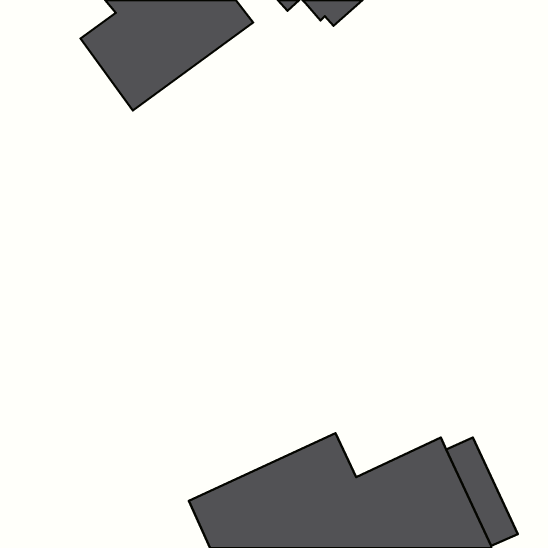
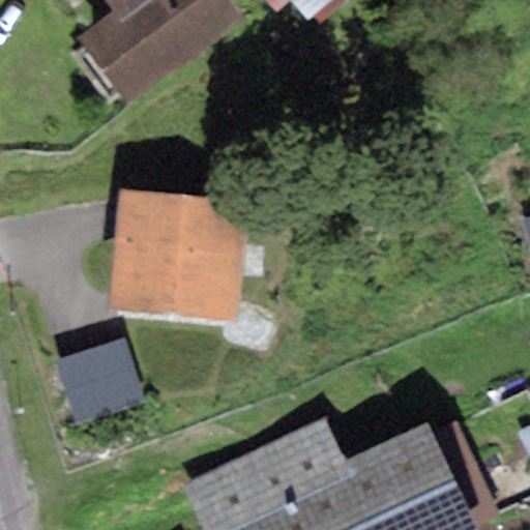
building: none -> [106,189,244,323]
building: none -> [53,340,145,425]

